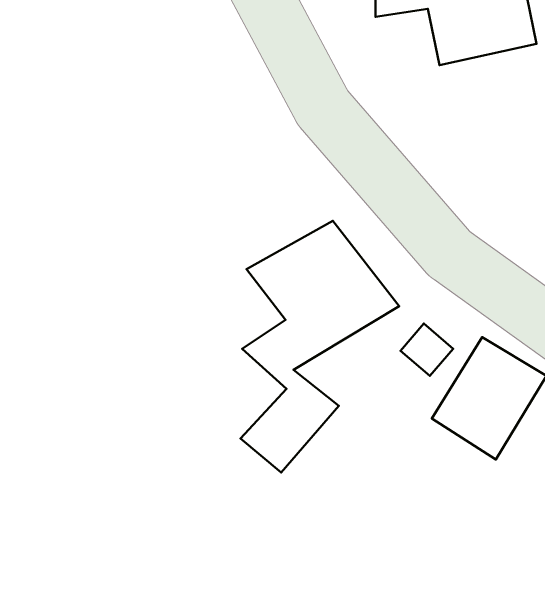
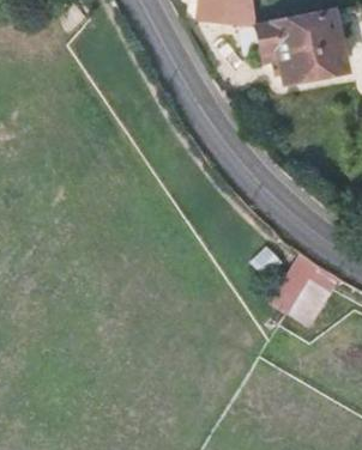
building: [240,221,399,473] -> none

